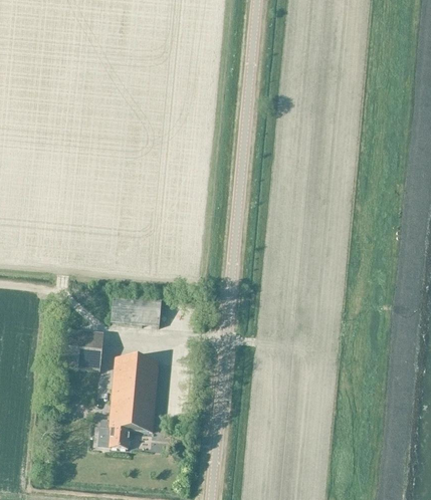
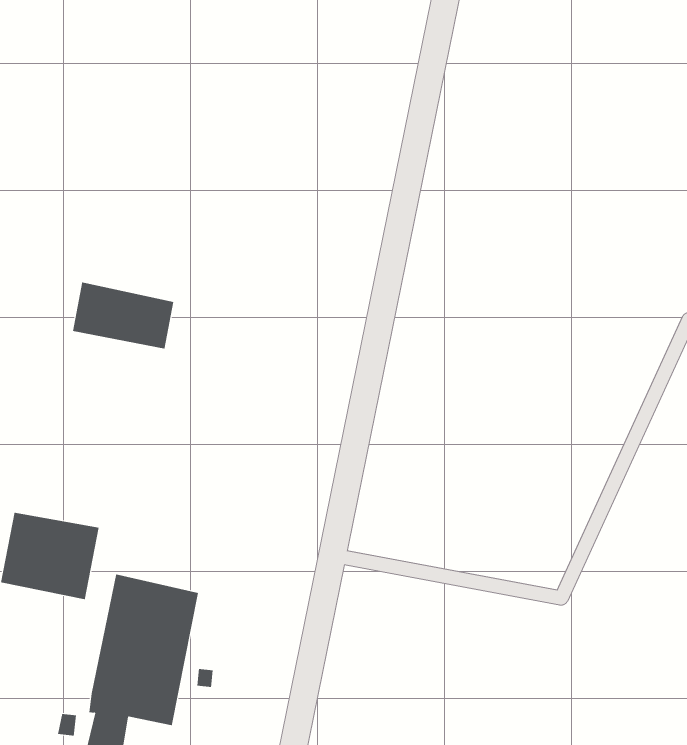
building: [111,295,162,325] -> [72,282,174,349]

